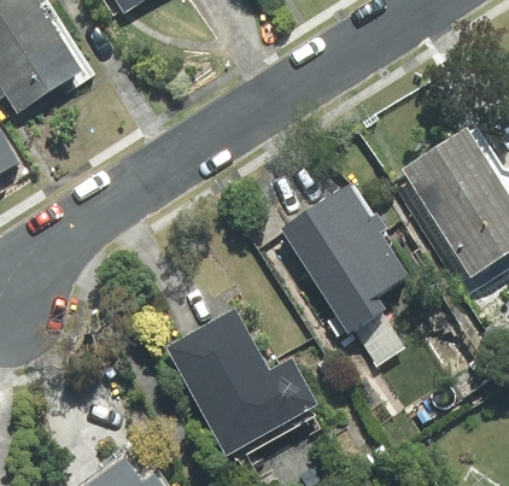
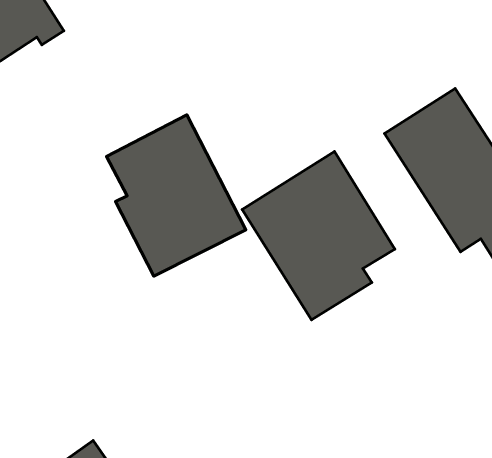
building: none -> [107,115,246,276]
building: [168,312,320,457] -> none

